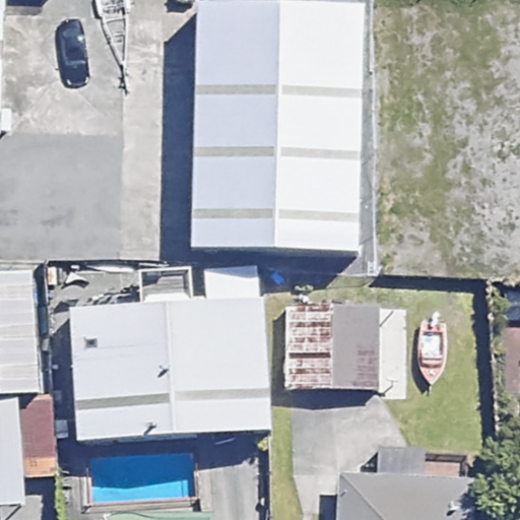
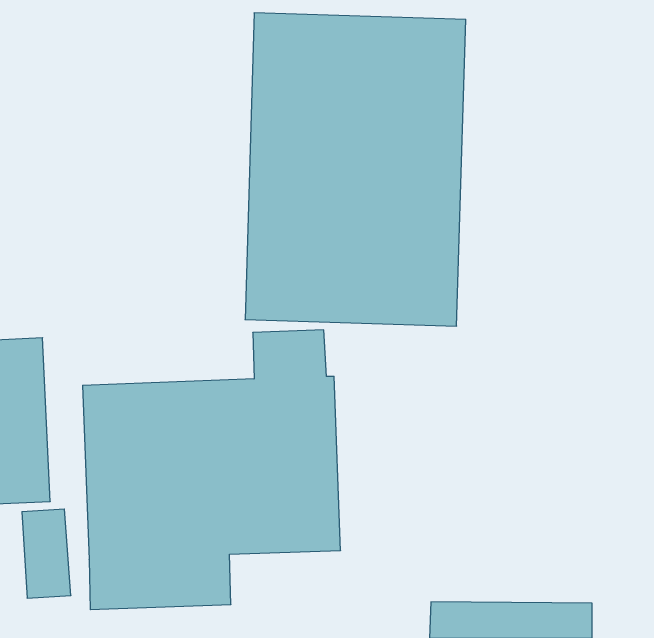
building: [279,298,376,381] -> none

